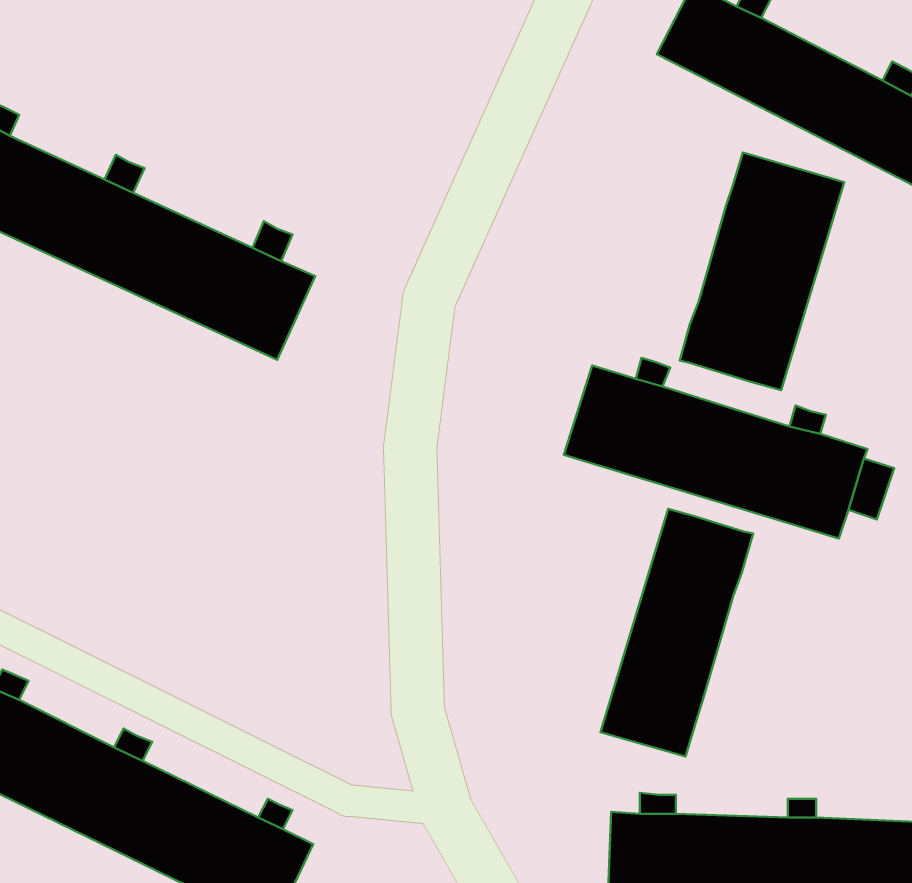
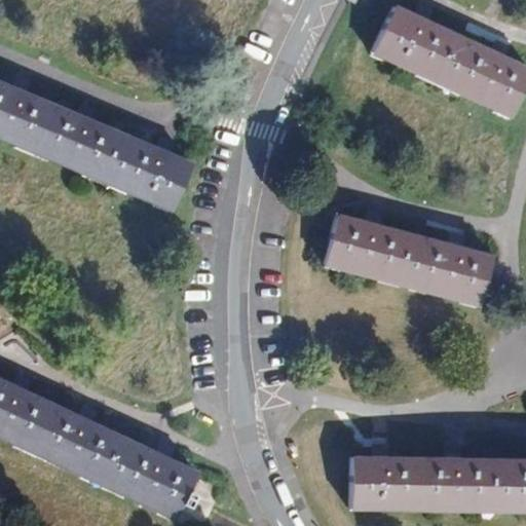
building: [680,152,844,390] -> none
building: [600,509,753,757] -> none

